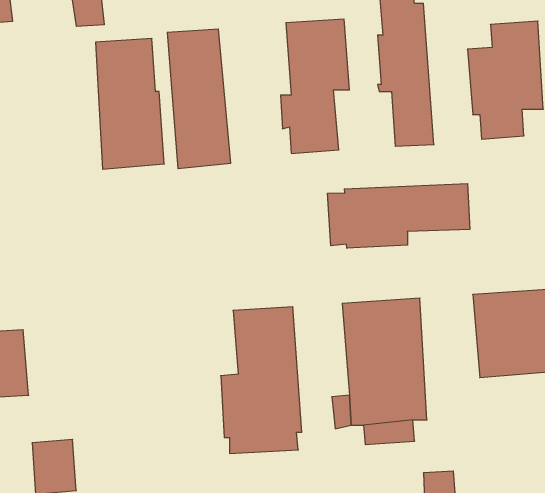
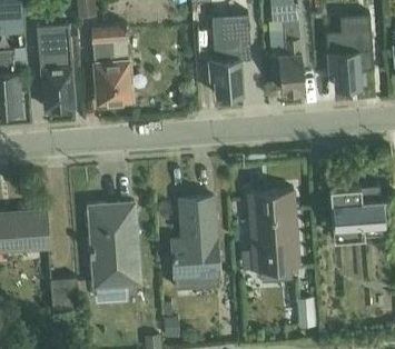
building: [167,29,231,169] -> [37,24,77,112]
building: [328,184,470,248] -> none
building: none -> [87,201,142,301]

